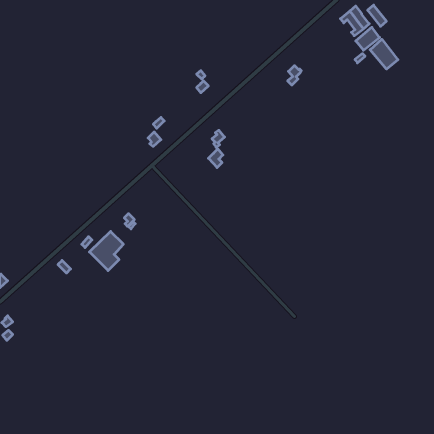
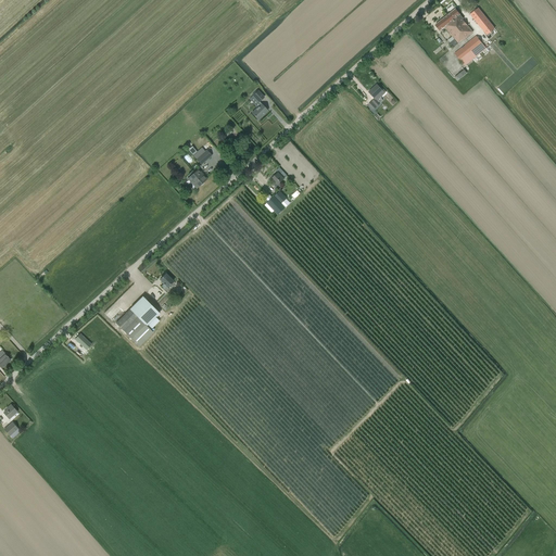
building: [370,39,398,69] -> none

